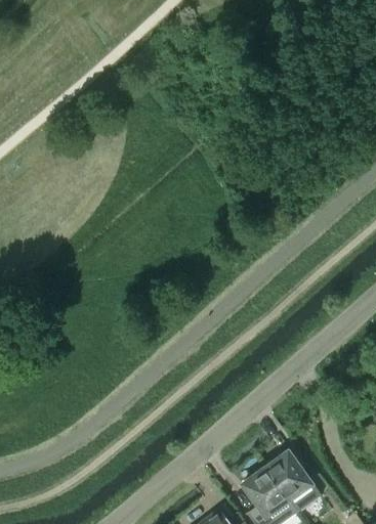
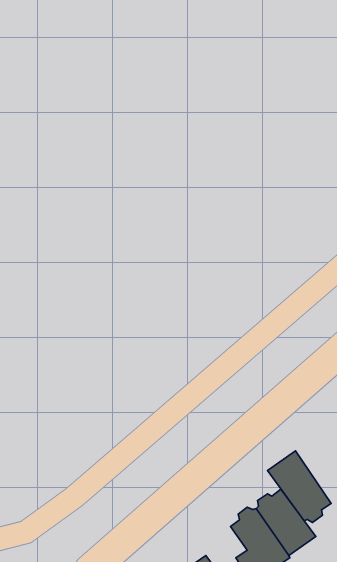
building: none -> [268,451,331,523]

